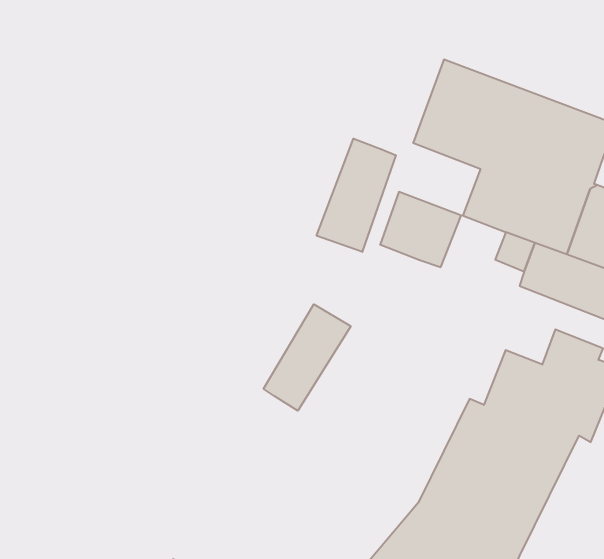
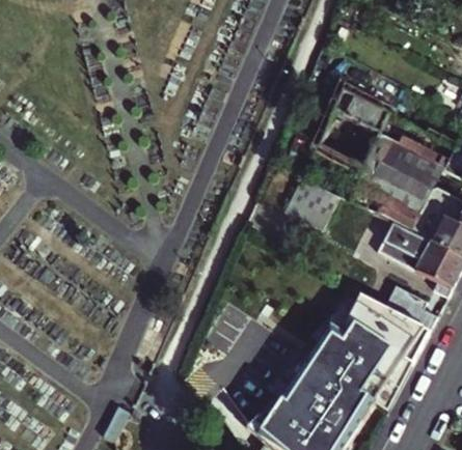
building: [317,139,396,252] -> none
building: [264,304,351,411] -> none

